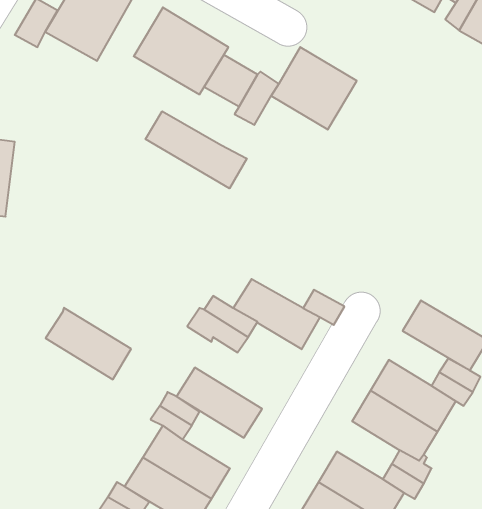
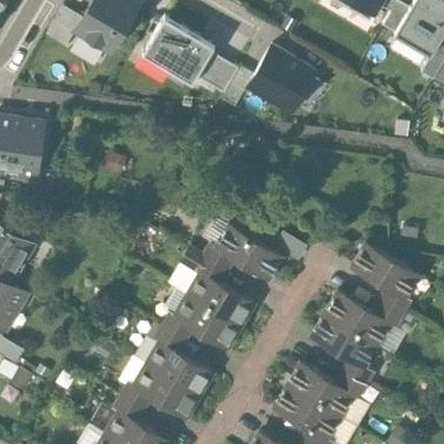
building: [146,111,247,188] -> none
building: [46,308,131,379] -> [189,271,255,326]

